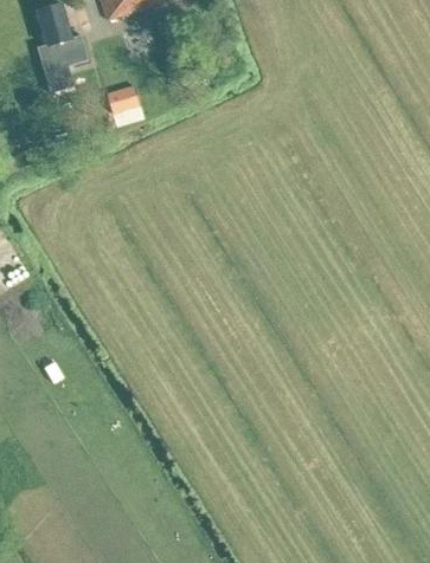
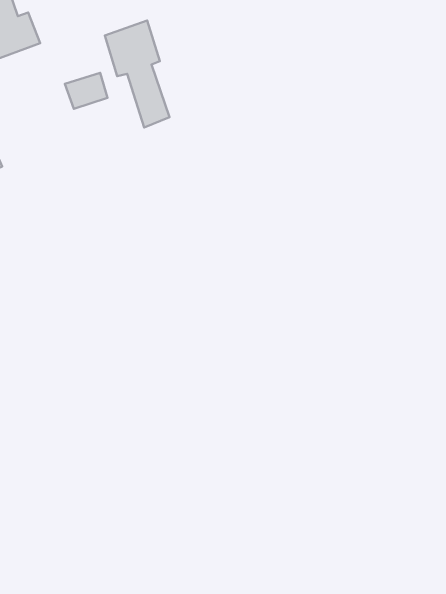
building: none -> [105,21,169,128]

